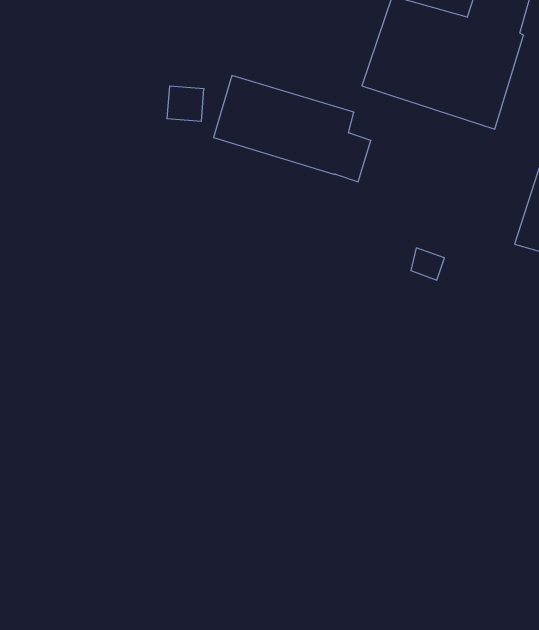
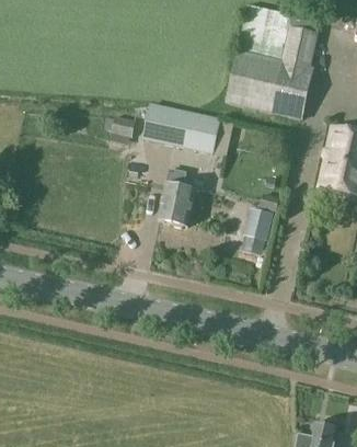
building: none -> [159,168,196,225]
building: none -> [244,206,274,239]

